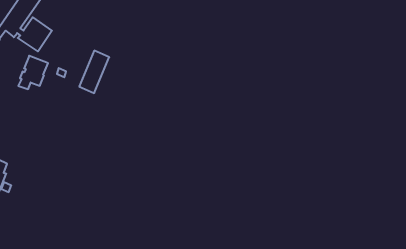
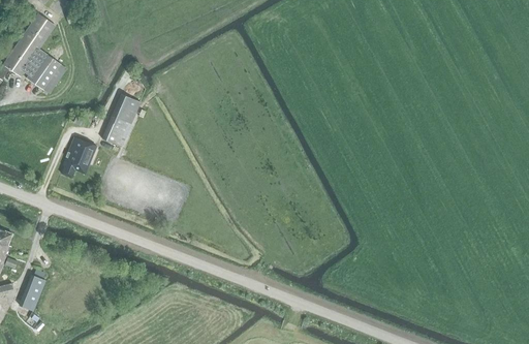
building: [18,56,48,89] -> [60,136,97,178]
building: none -> [19,269,45,311]

